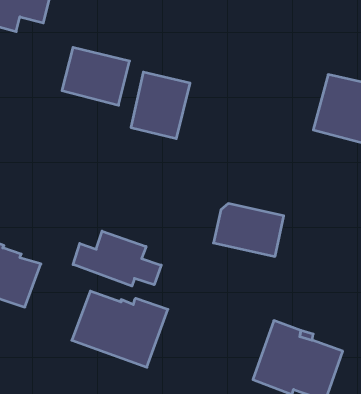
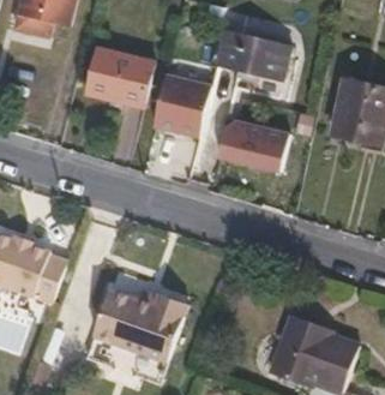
building: none -> [216,29,291,80]
building: [213,204,284,256] -> [219,118,288,169]
building: [73,231,161,286] -> none

